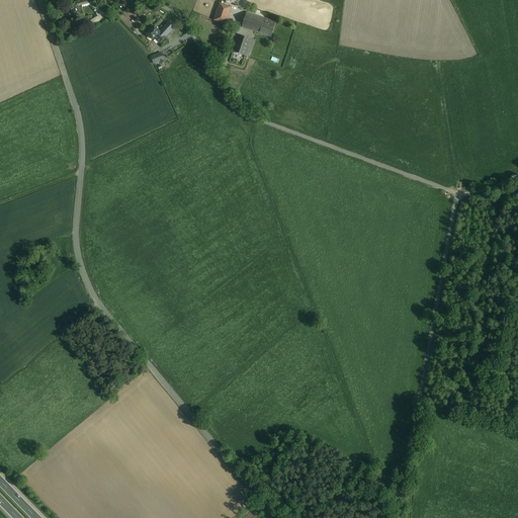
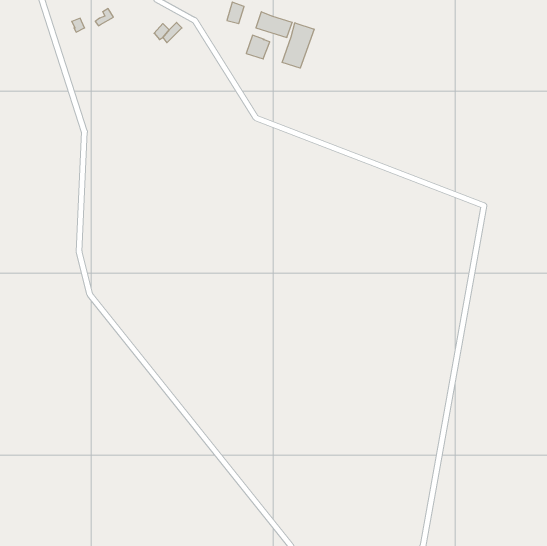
building: none -> [282,23,314,68]

